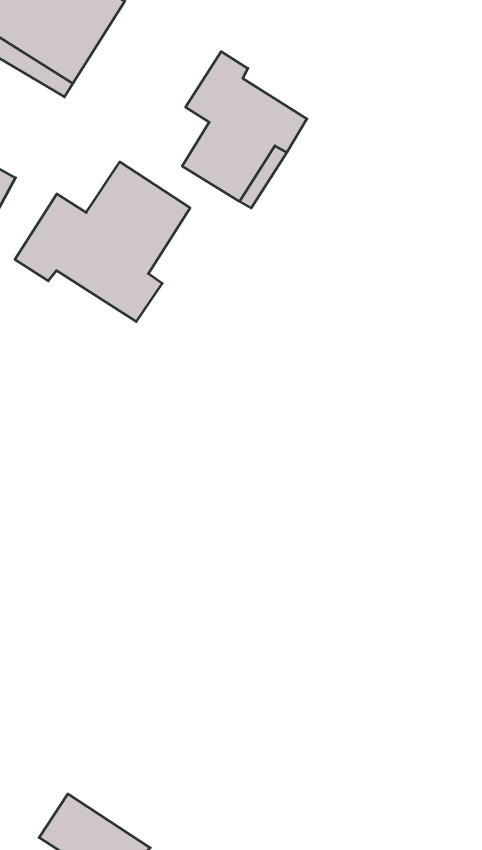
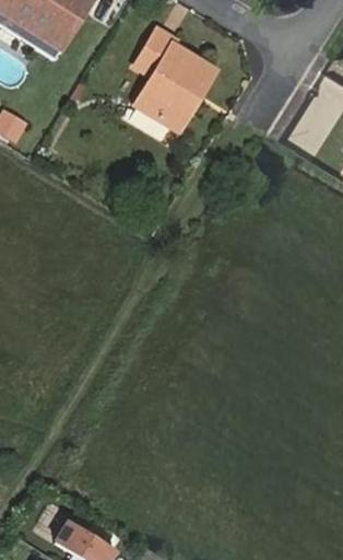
building: [15,162,190,322] -> none

